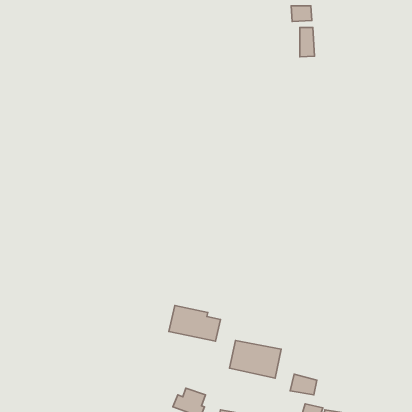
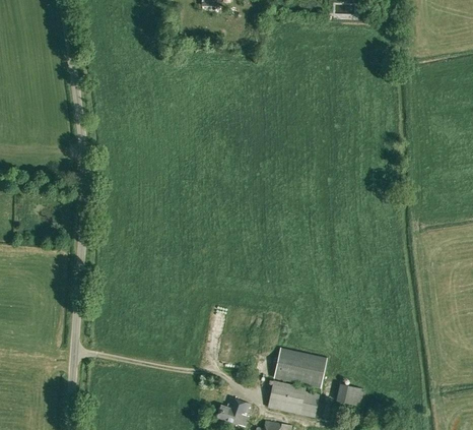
building: [300,27,315,57] -> none
building: [169,306,221,341] -> [267,380,320,417]

